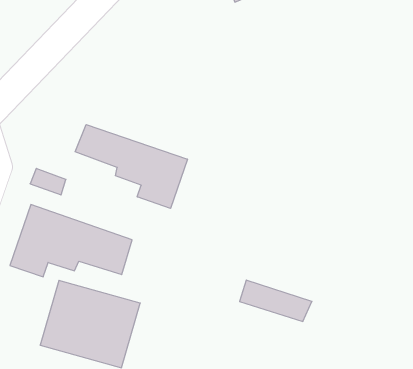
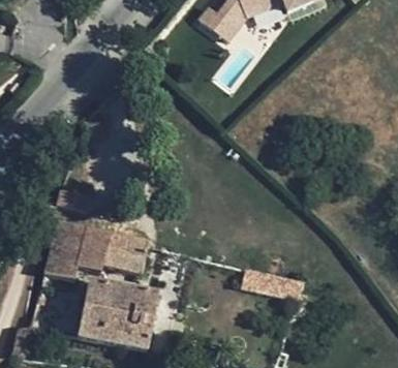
building: [75,125,187,208] -> none

